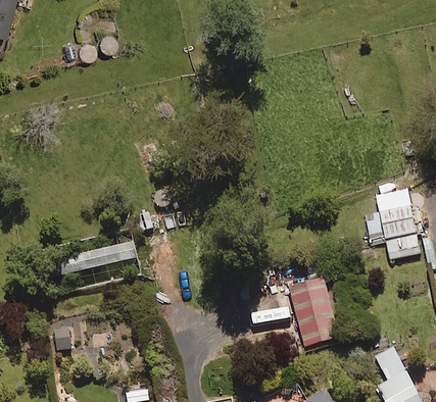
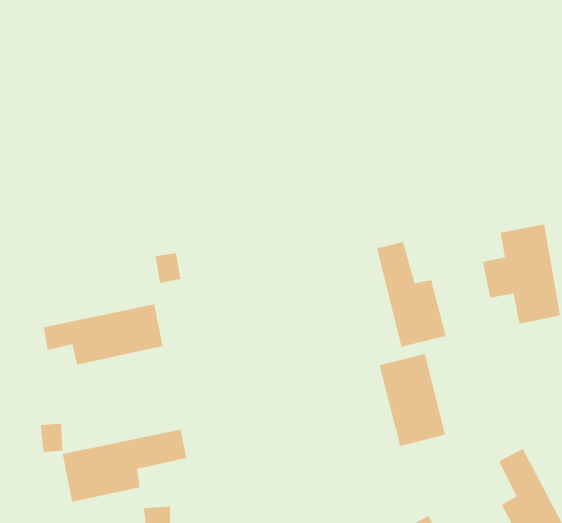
building: none -> [376,241,446,348]
building: none -> [62,429,187,502]

